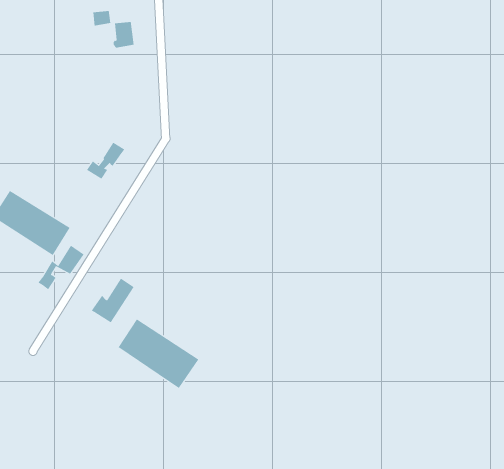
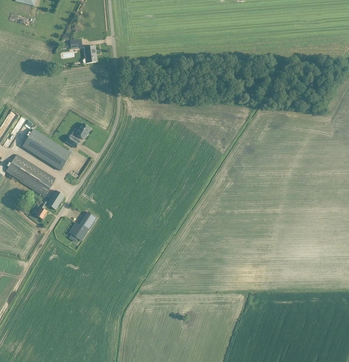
building: none -> [22,129,72,170]
building: [118,318,199,389] -> none

